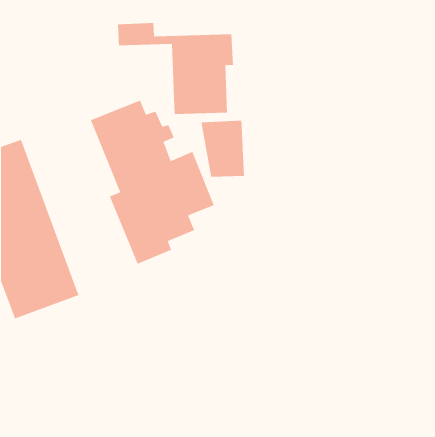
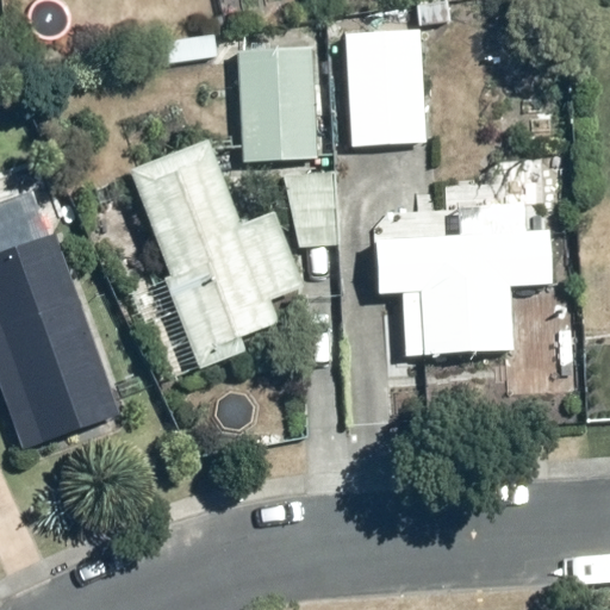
building: none -> [338,23,424,144]
building: none -> [371,210,581,396]

